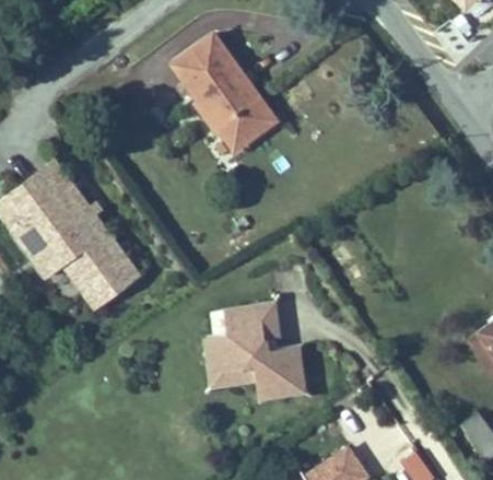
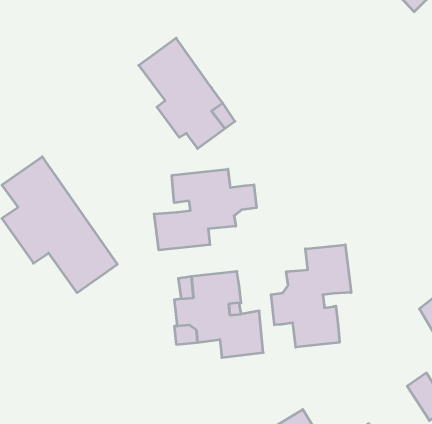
building: none -> [154,169,256,250]
building: none -> [271,245,351,347]

